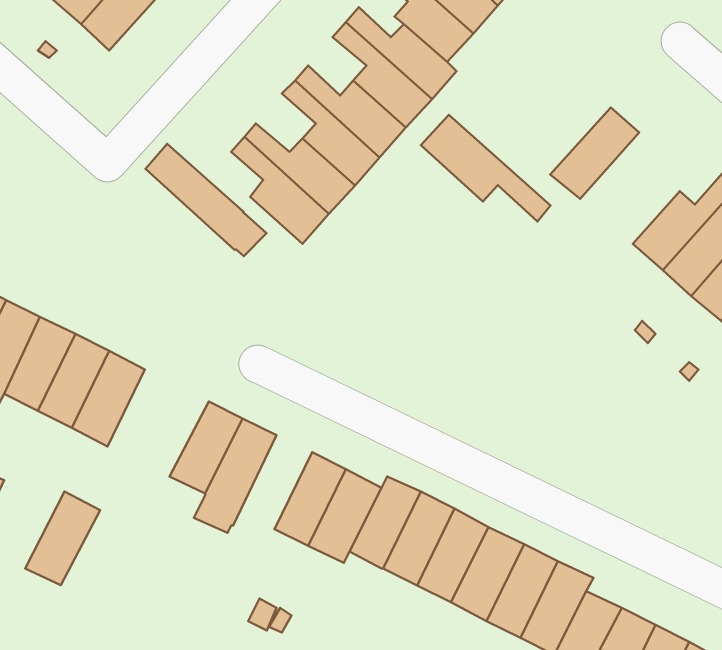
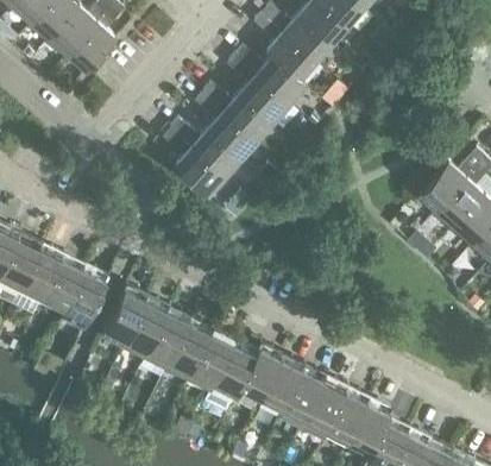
building: [550,108,639,199] -> none
building: [421,115,551,222] -> none
building: [145,144,267,256] -> none
building: none -> [164,319,214,386]
building: [25,491,100,585] -> [101,285,149,345]

